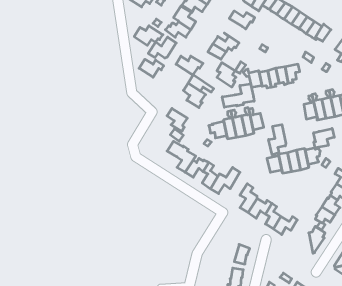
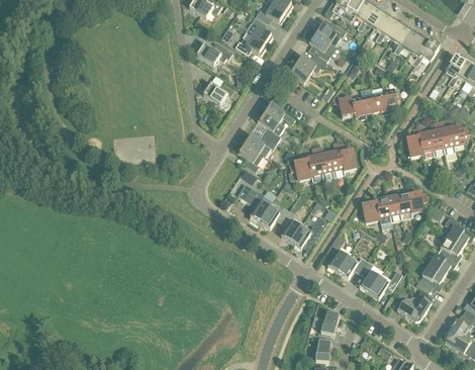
building: [148,37,176,58] -> none
building: [176,56,203,75] -> [244,132,277,156]
building: [217,63,236,87] -> [308,31,331,62]
building: [222,84,254,107] -> none
building: [269,125,286,155] -> none
building: [314,128,334,148] -> none
building: none -> [392,292,417,321]

